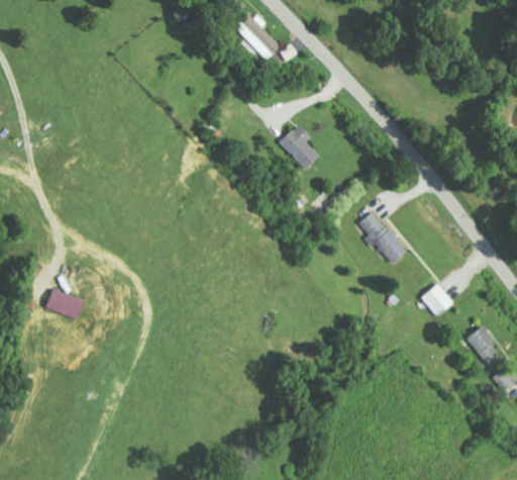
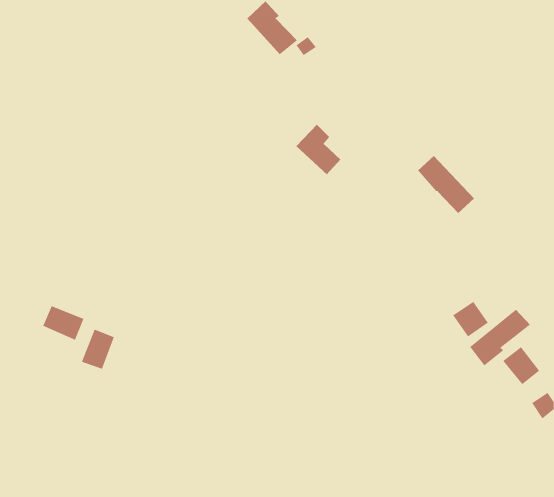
building: [356,210,409,264] -> [417,155,475,214]
building: none -> [469,309,531,366]
building: none -> [81,329,115,370]

